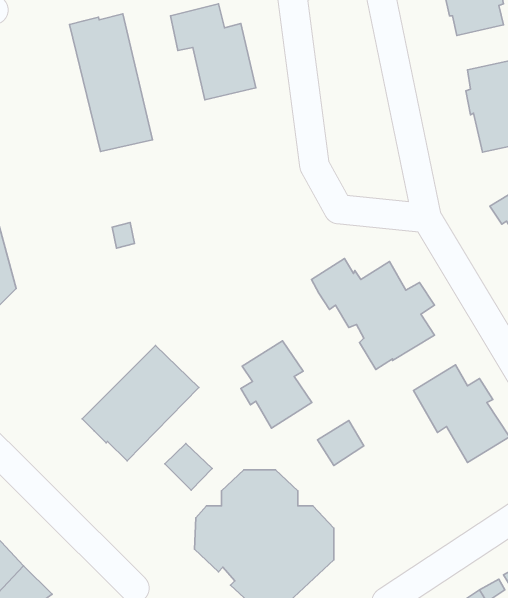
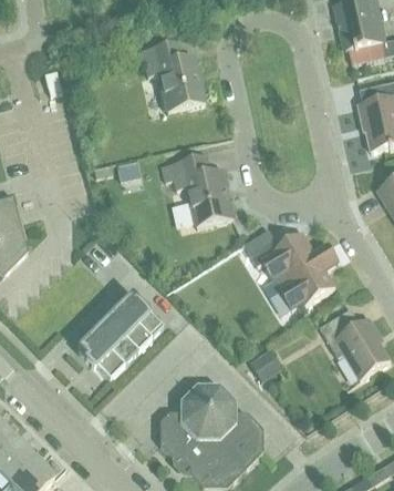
building: [69,14,152,151] -> none
building: none -> [170,154,234,226]
building: [241,341,312,428] -> none
building: [165,444,212,490] -> none

